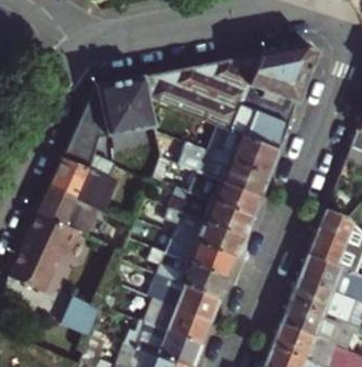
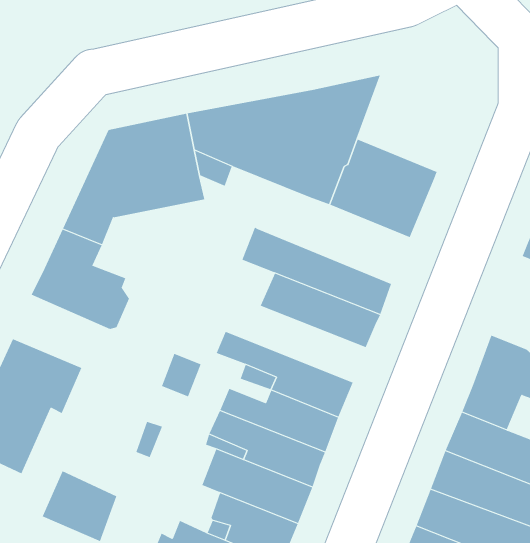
building: [245,45,316,112] -> none
building: [186,127,277,179] -> none
building: [39,186,97,232] -> none
building: [166,192,251,238] -> none

